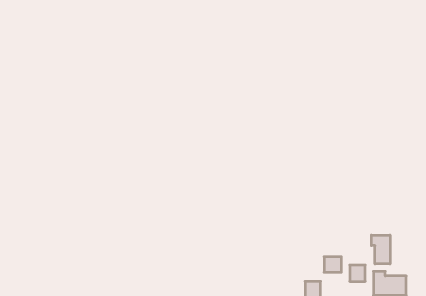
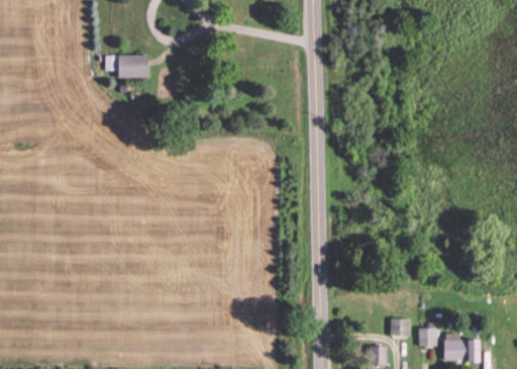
building: none -> [117,55,147,78]
building: [371,235,390,264] -> none

